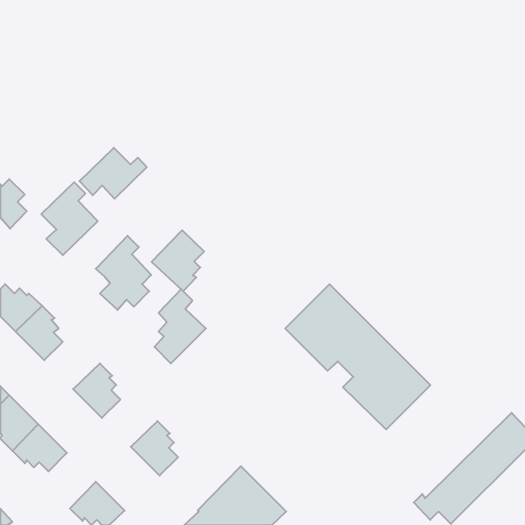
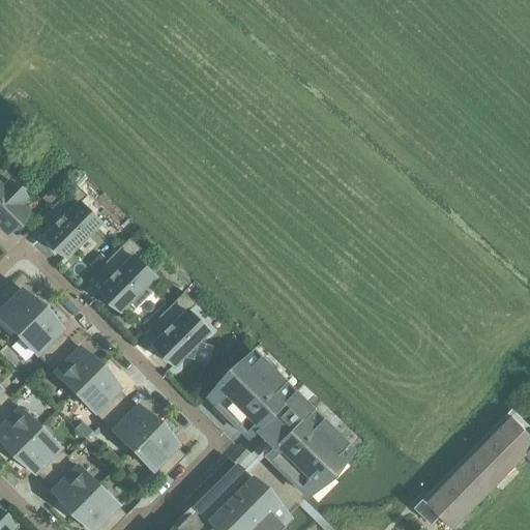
building: [79,148,147,199] -> none
building: [152,230,204,291] -> none
building: [285,284,430,429] -> [207,350,353,496]
building: none -> [46,344,101,391]
building: none -> [104,402,159,449]
building: none -> [50,455,97,511]

